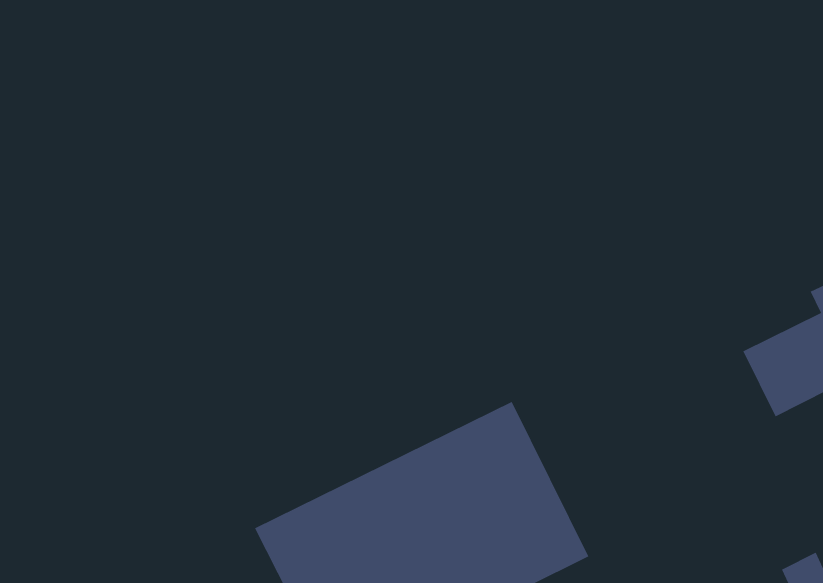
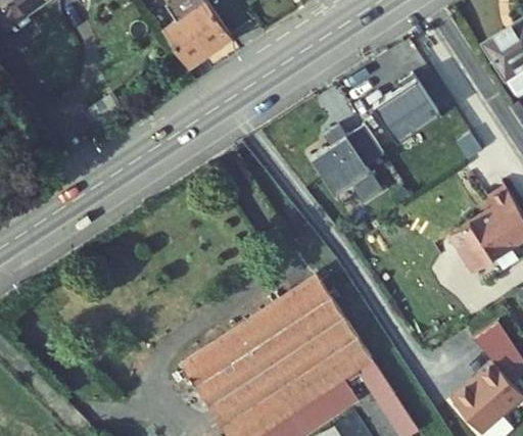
building: none -> [373,80,438,148]
building: none -> [311,130,383,209]

